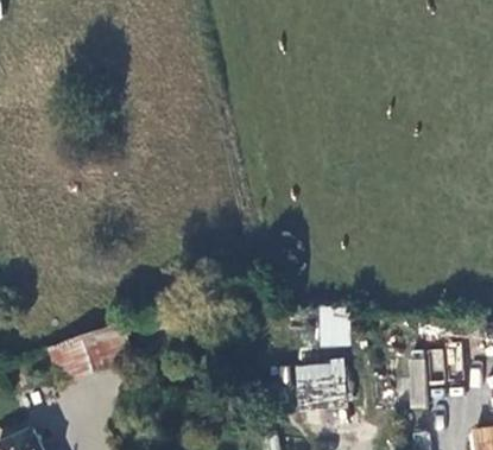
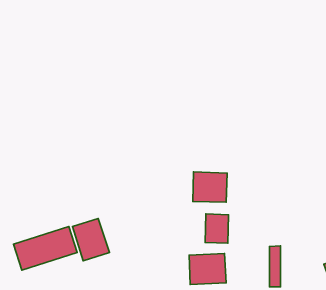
building: none -> [193,172,227,202]
building: none -> [72,218,109,261]

